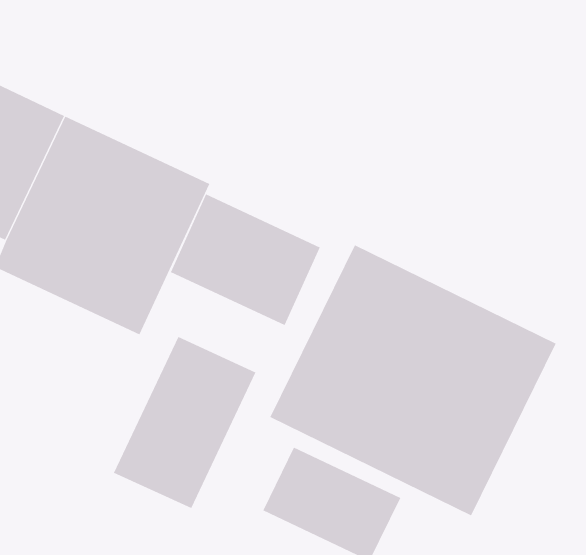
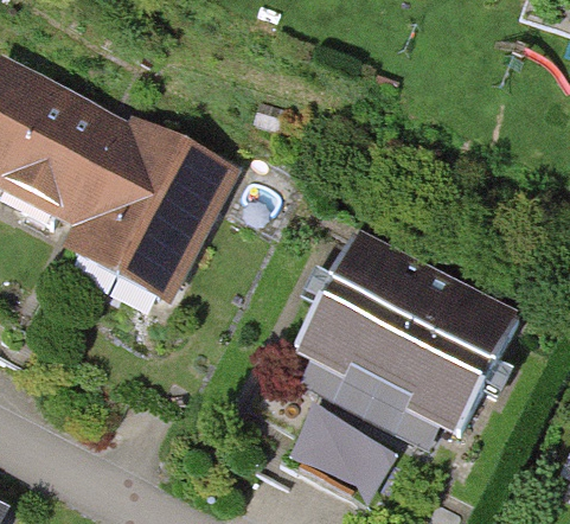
building: [170,194,320,326] -> none
building: [113,336,256,509] -> none

